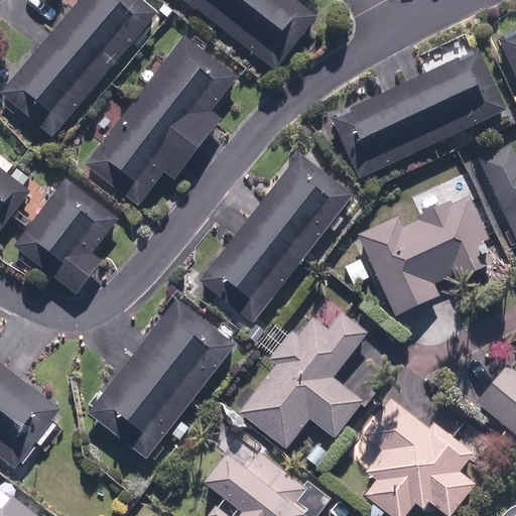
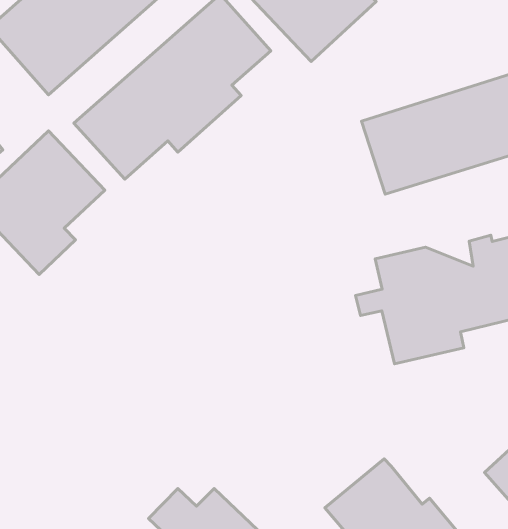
building: [197,155,352,325] -> none
building: [89,298,234,457] -> none
building: [239,308,369,447] -> none

